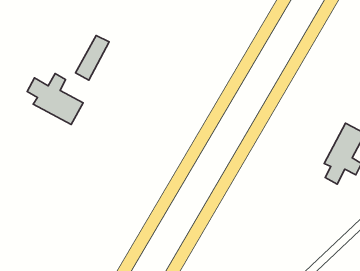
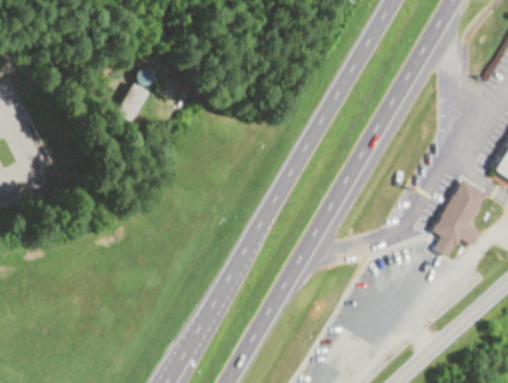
building: [27,74,83,125] -> none

